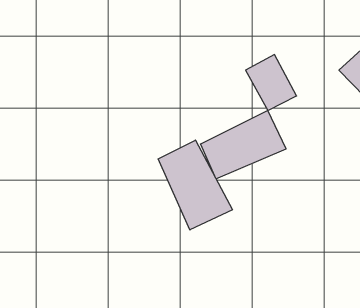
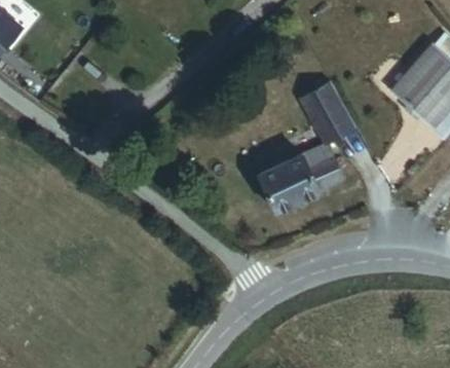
building: [158,140,232,230] -> none

